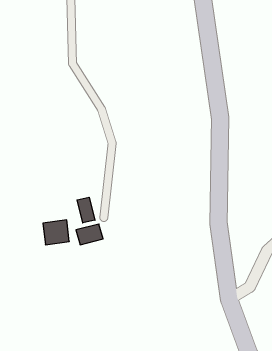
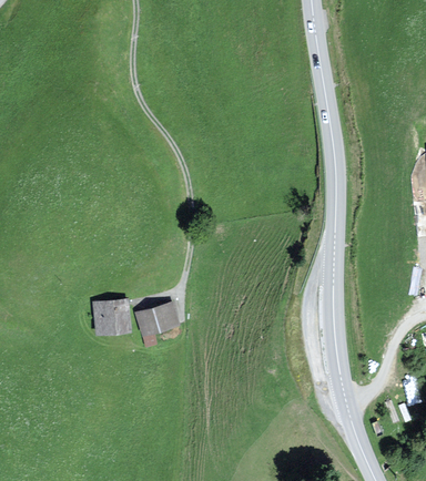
building: [77,197,95,223] -> none

